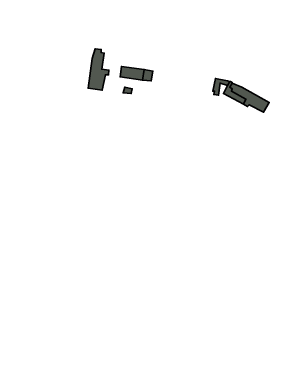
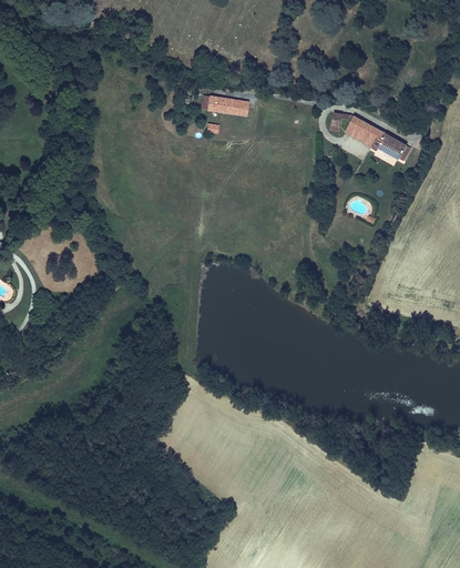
building: [88,49,109,90] -> none

